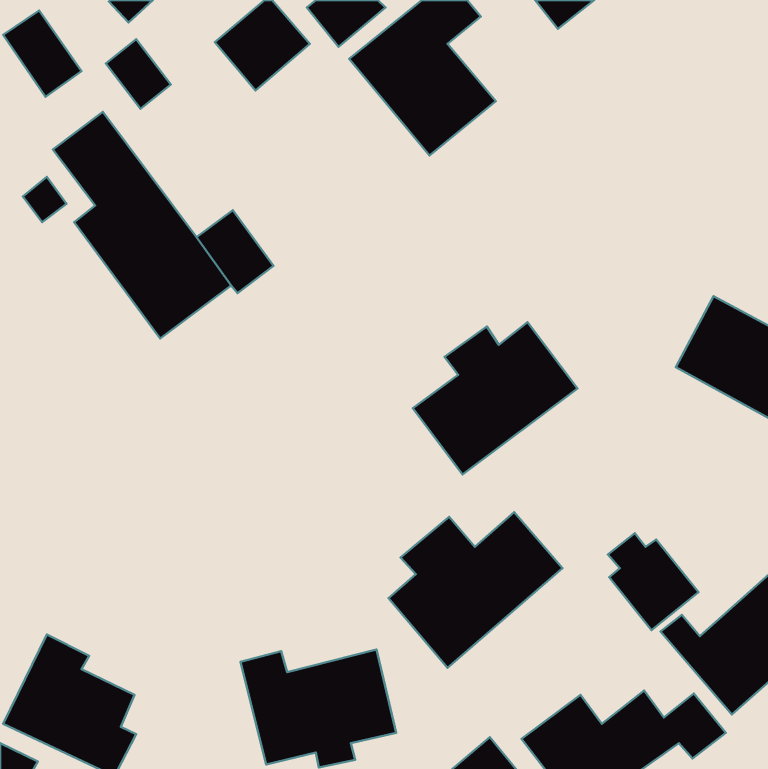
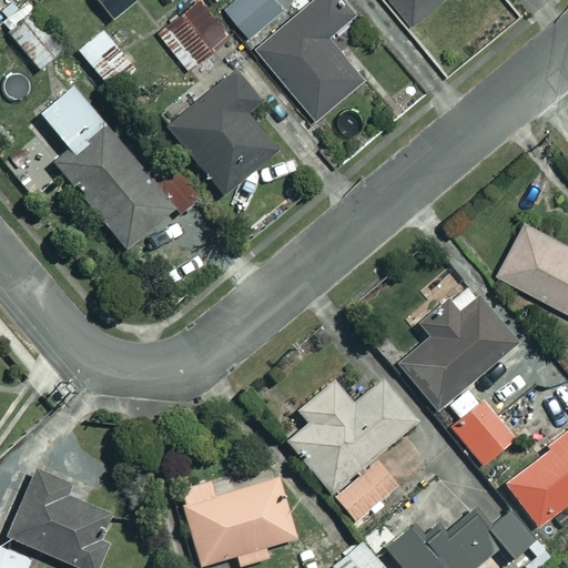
building: none -> [168,71,275,195]
building: [413,322,578,475] -> [397,300,518,412]
building: none -> [335,464,396,524]

